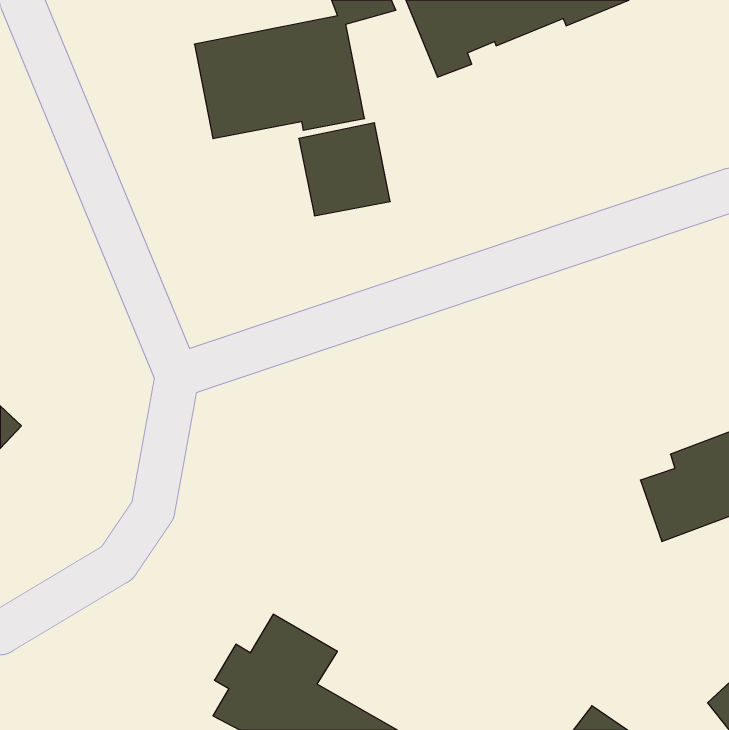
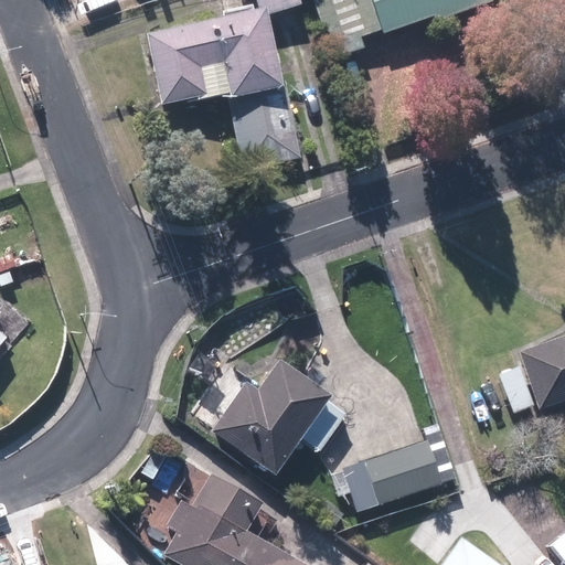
building: none -> [211,361,347,472]
building: none -> [345,443,441,508]

